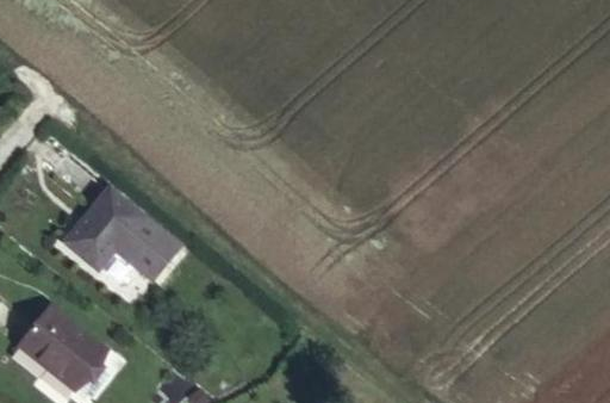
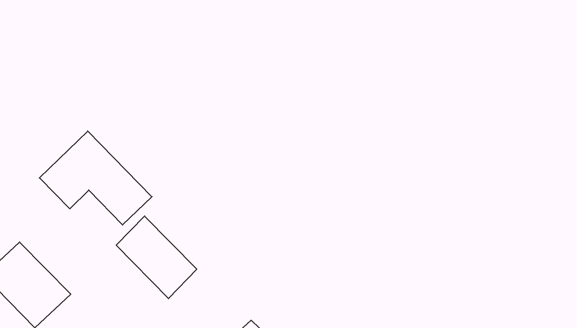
building: none -> [116,216,197,299]

